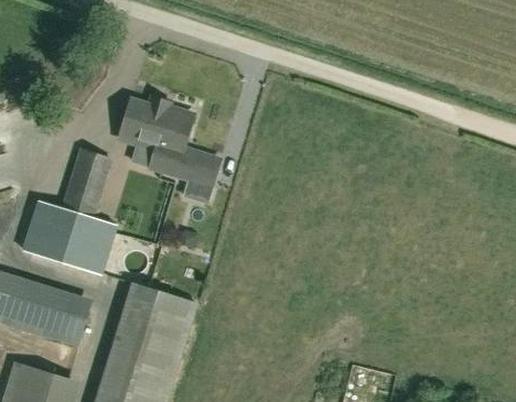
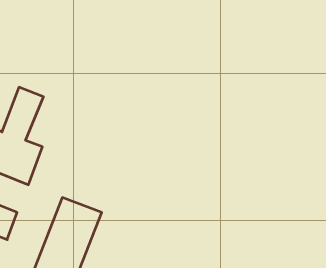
building: [118,100,218,185] -> none

